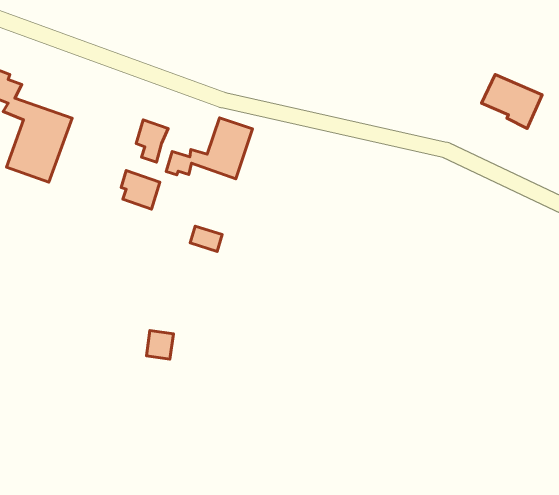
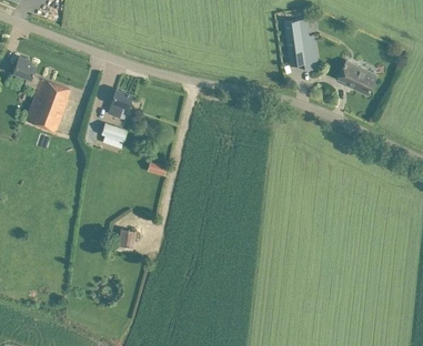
building: none -> [284,20,319,71]
building: [166,118,253,179] -> none

